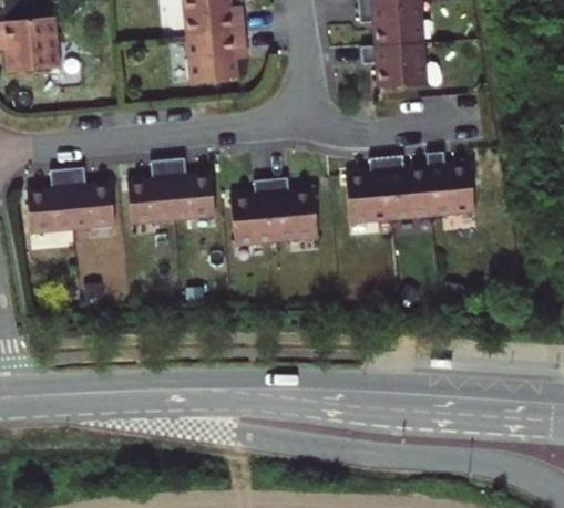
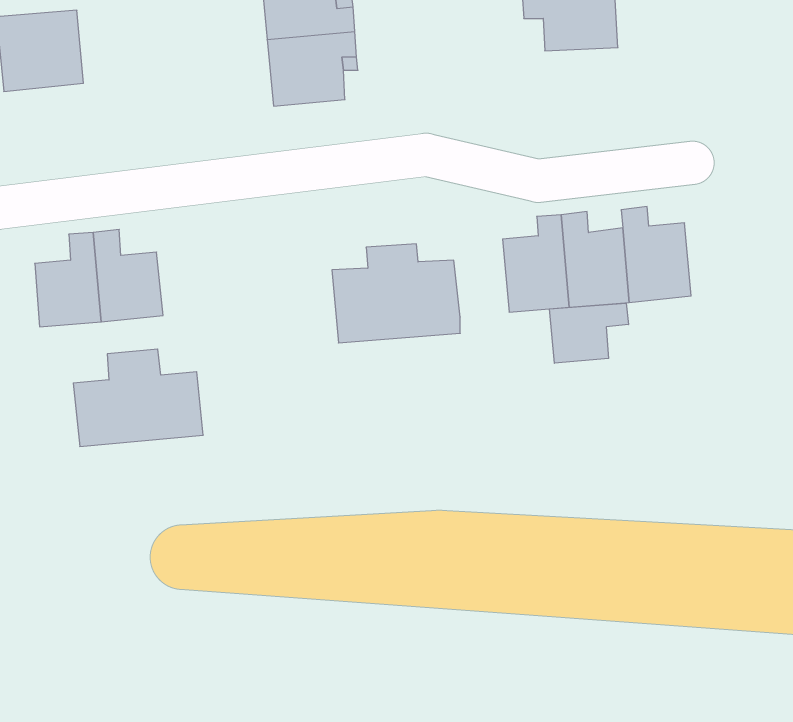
building: [361,42,428,87] -> none
building: [126,157,215,224] -> [73,349,203,446]
building: none -> [550,303,628,363]

